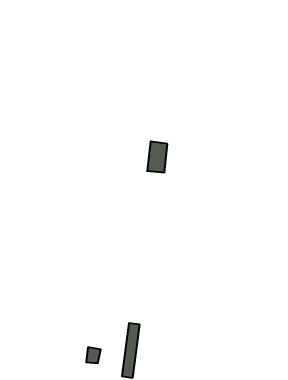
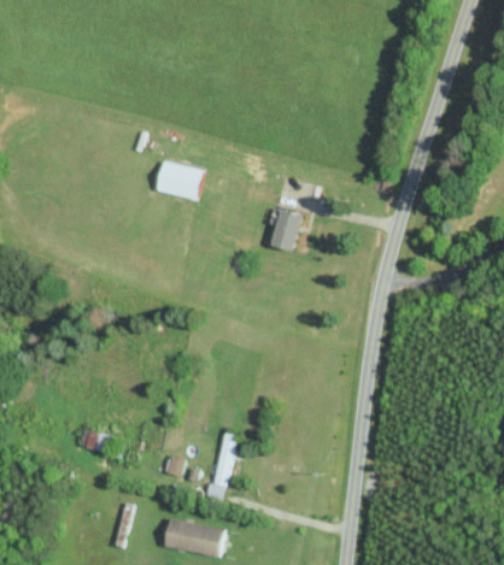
building: none -> [159,163,201,196]

